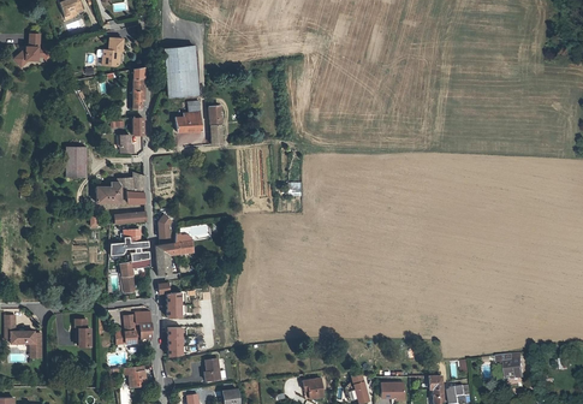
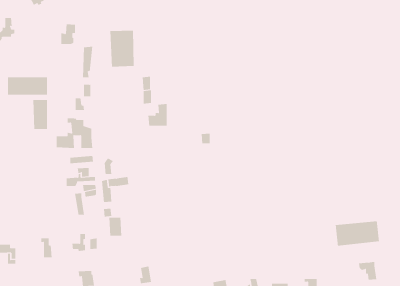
building: [174,101,201,131] -> [147,104,167,126]
building: none -> [7,77,48,96]
building: none -> [335,221,379,247]
building: [166,327,184,358] -> none

